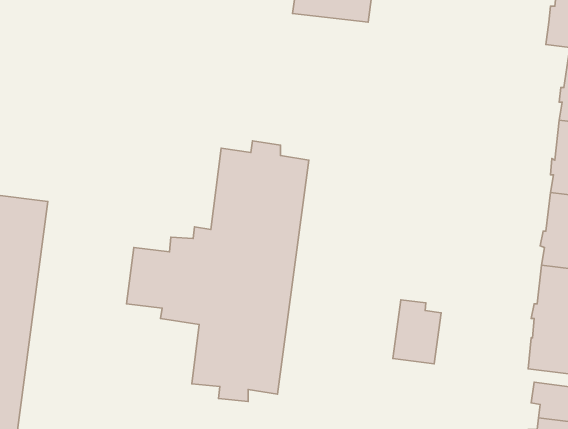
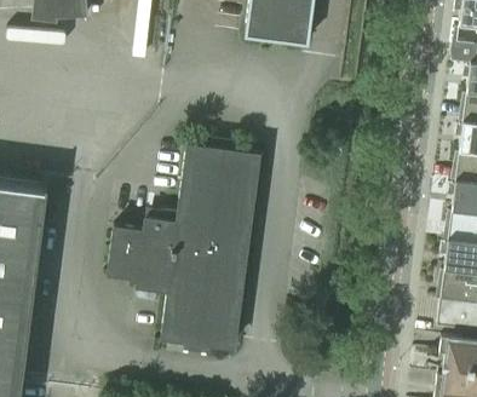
building: [393,300,441,364] -> none

